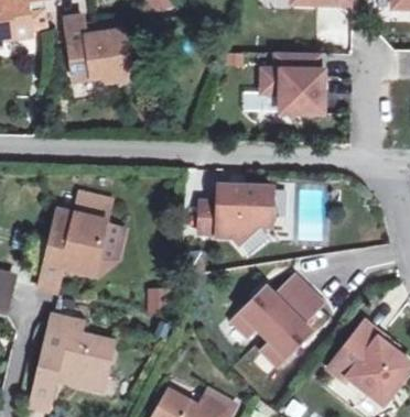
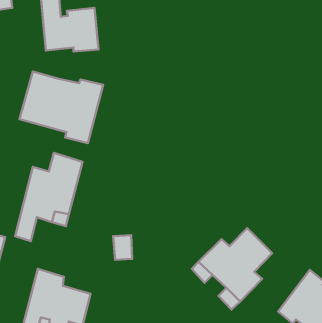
building: [258,53,320,113] -> none
building: none -> [20,71,103,143]
building: [199,186,272,244] -> none

